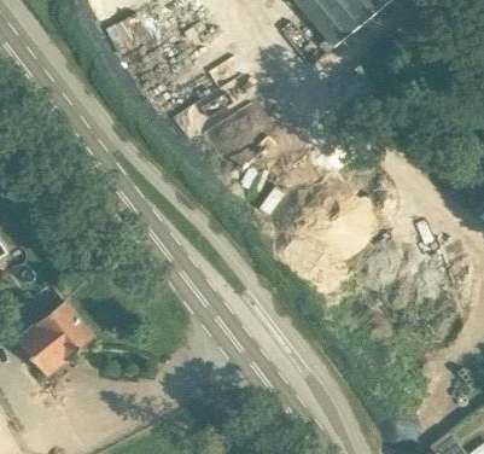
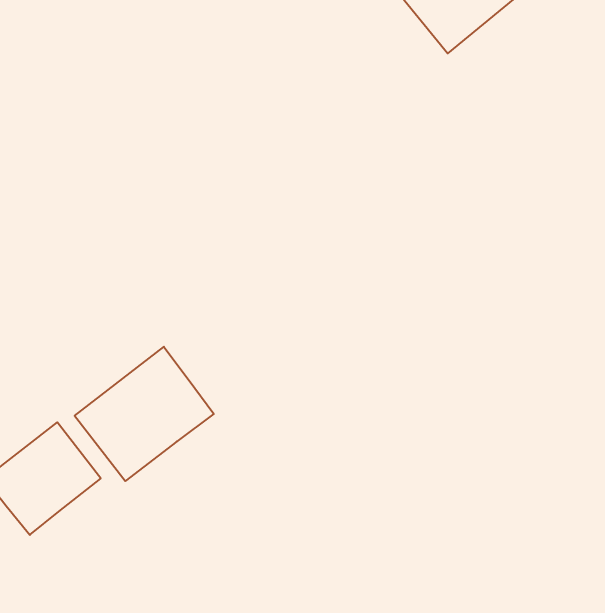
building: none -> [75,347,214,481]

